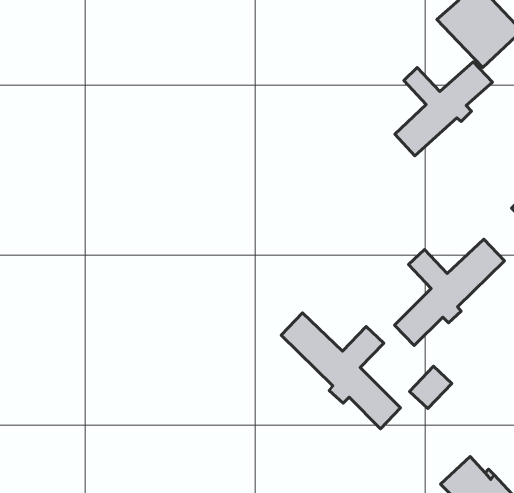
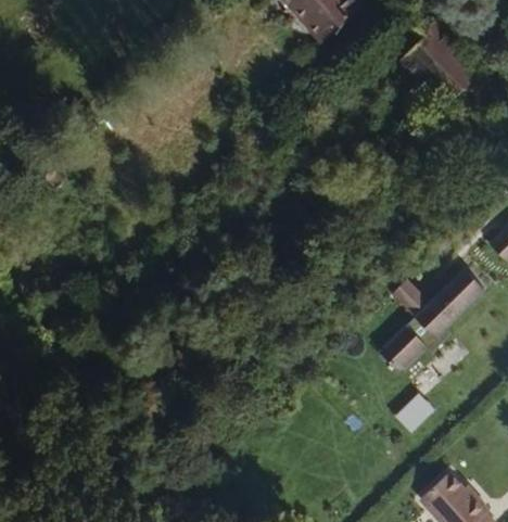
building: [395,62,492,156] -> none
building: [281,313,400,429] -> none

